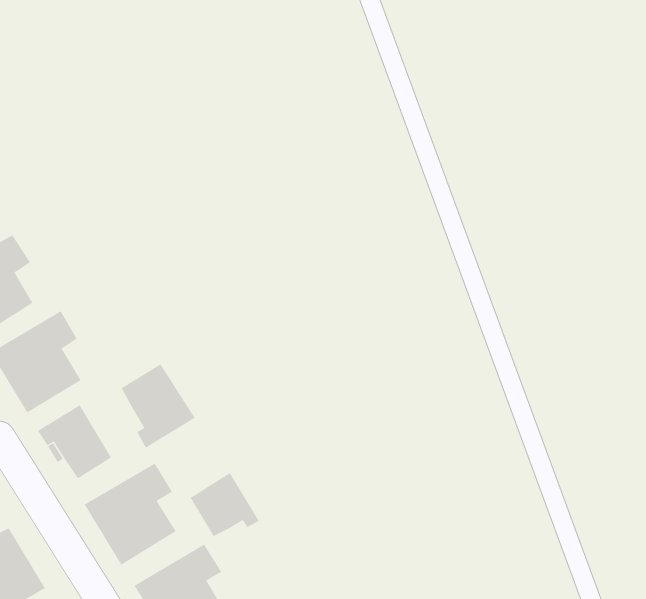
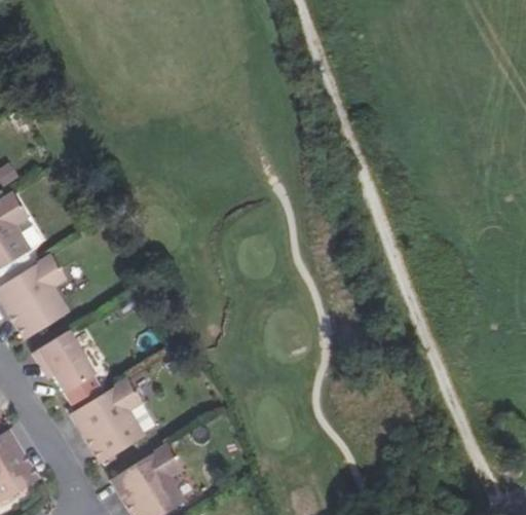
building: [121,364,195,449] -> none
building: [190,472,259,537] -> none

